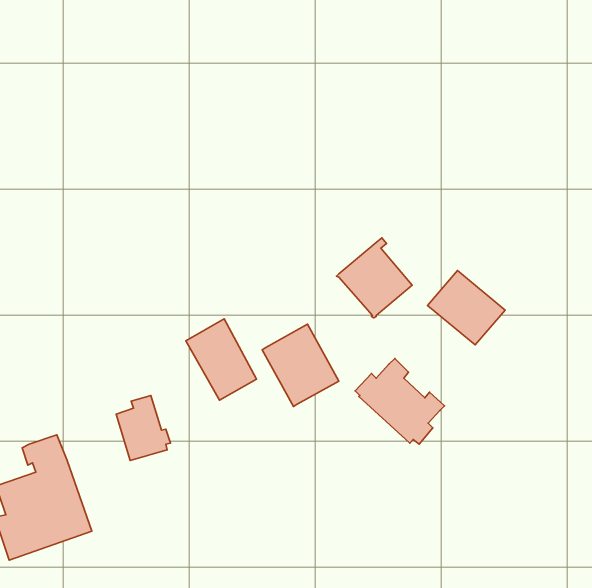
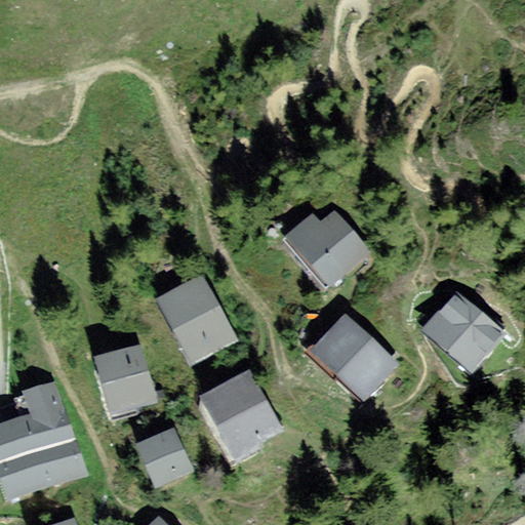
building: [427,271,505,345] -> [429,297,497,363]
building: [262,324,339,407] -> [206,377,274,450]
building: none -> [143,434,186,478]

